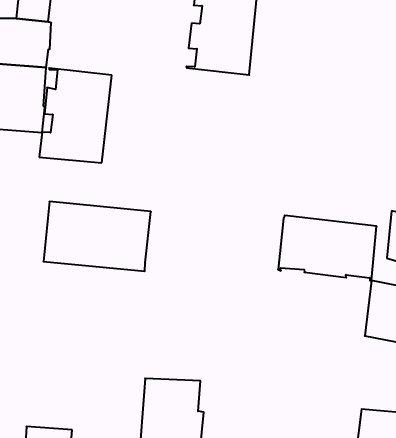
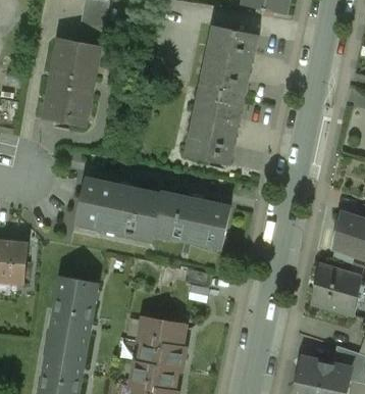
building: [39,68,112,163] -> [185,90,245,164]
building: [278,215,377,281] -> [153,192,229,247]
building: none -> [51,277,97,350]

